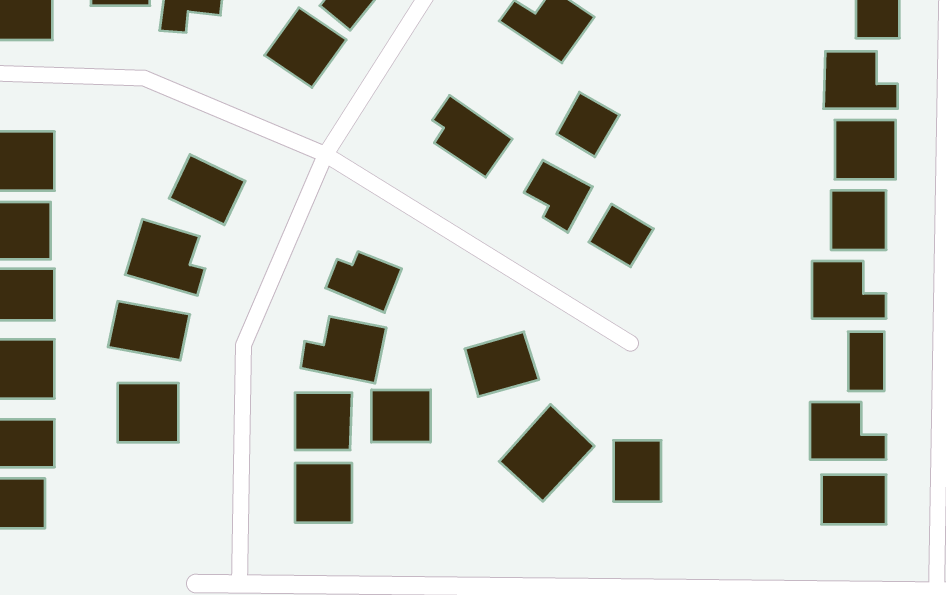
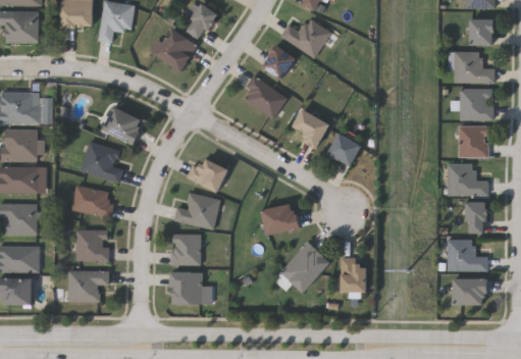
building: [557,92,620,157] -> [262,44,296,79]
building: [371,390,431,442] -> none
building: none -> [67,269,108,301]

